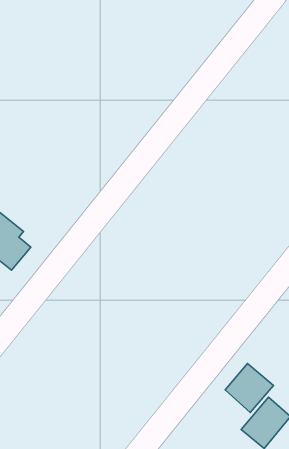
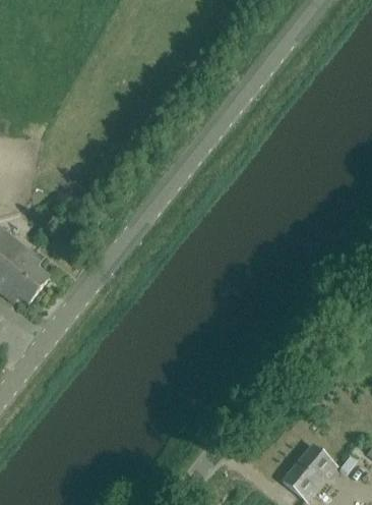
building: [225,364,274,412] -> none

